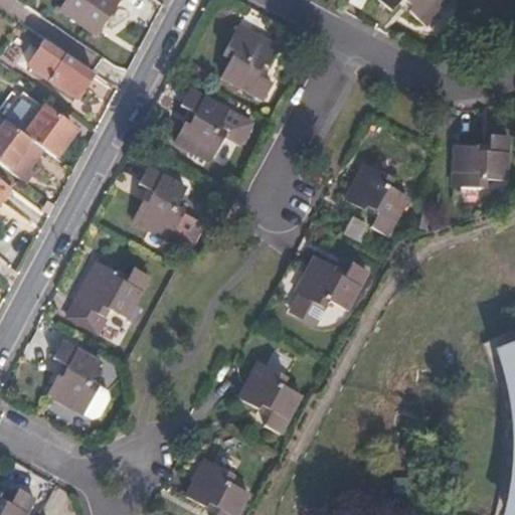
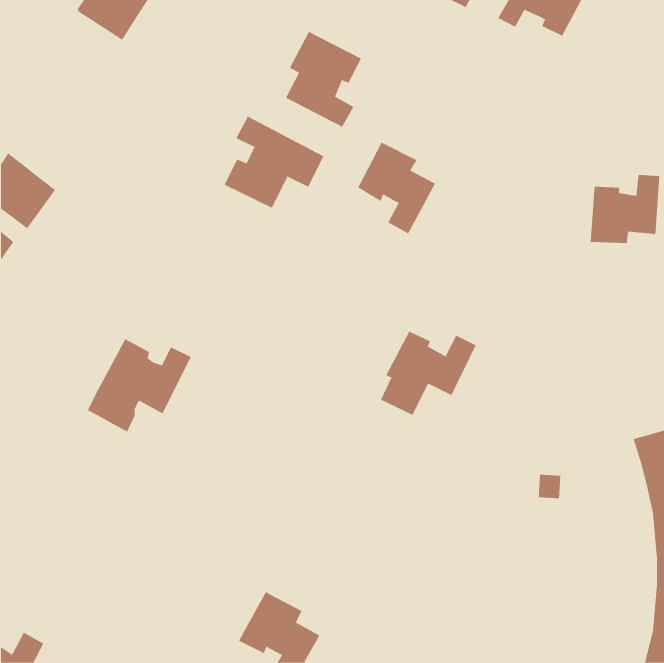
building: [25,38,94,97] -> none
building: [7,97,71,155] -> none
building: [347,163,407,234] -> [358,142,436,234]
building: [133,168,202,245] -> none
building: [47,343,111,417] -> none
building: [241,358,302,431] -> none

